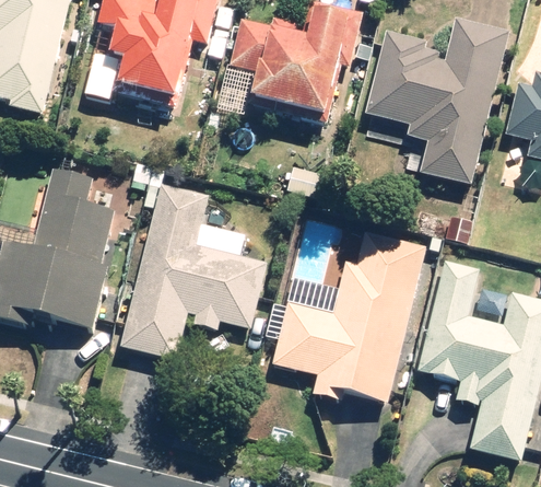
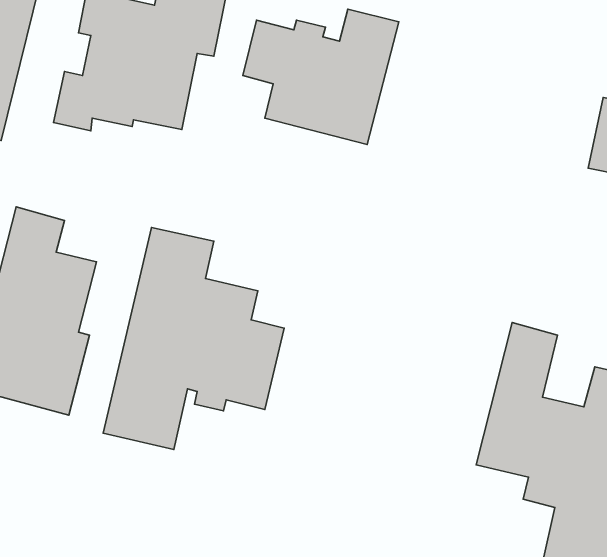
building: [362,20,507,182] -> none
building: [270,228,425,402] -> none

